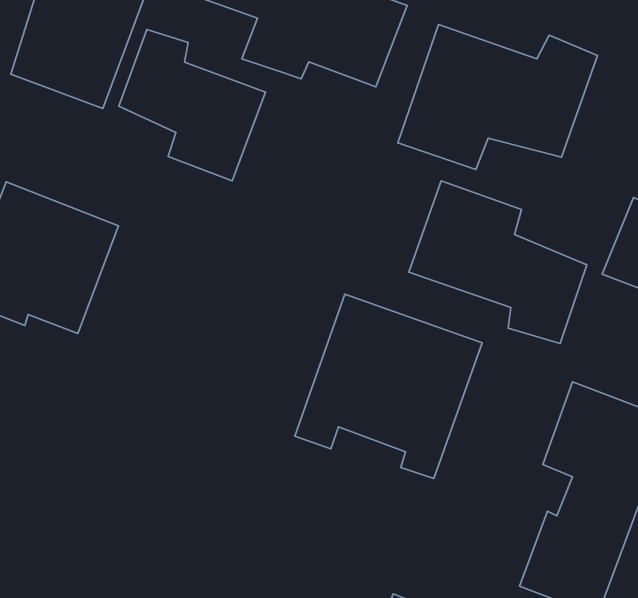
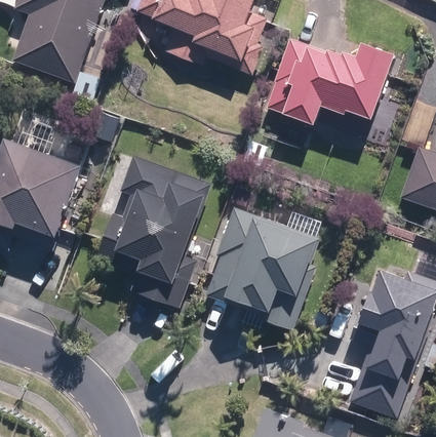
building: [119,30,266,181] -> none
building: [409,181,587,344] -> none
building: none -> [91,154,212,312]

